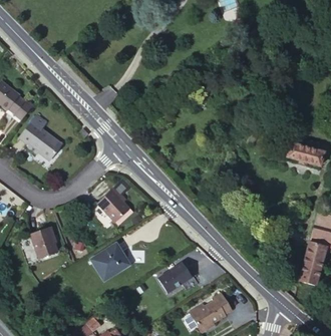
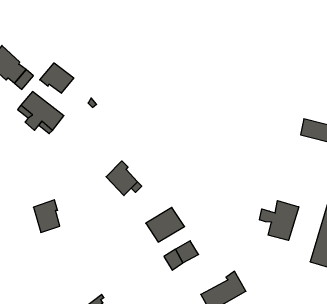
building: none -> [40,63,74,93]
building: none -> [260,201,299,240]
building: [92,246,129,279] -> [146,207,185,242]

